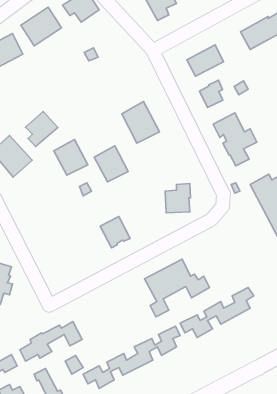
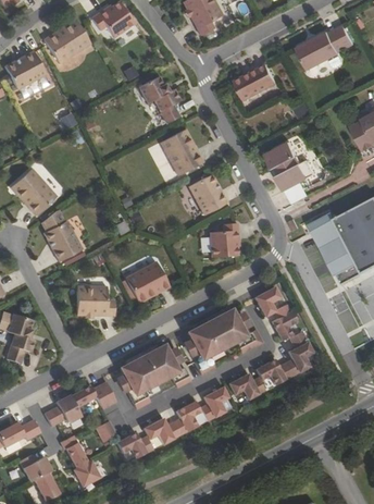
building: none -> [138,77,179,124]
building: [199,80,223,107] -> none
building: [26,111,58,147] -> none
building: [54,139,88,175] -> [43,220,83,261]
building: [94,146,128,182] -> [188,174,227,216]
building: none -> [76,286,114,315]
building: none -> [253,287,304,346]
building: none -> [119,346,189,409]

